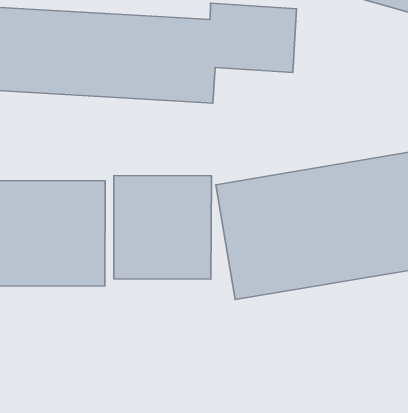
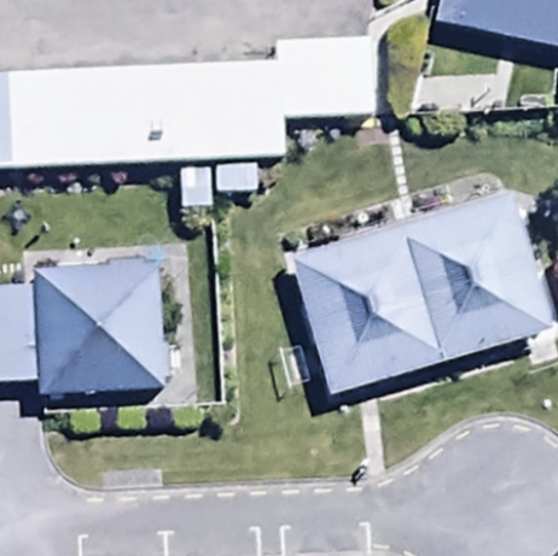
building: [114,176,212,279] -> none

